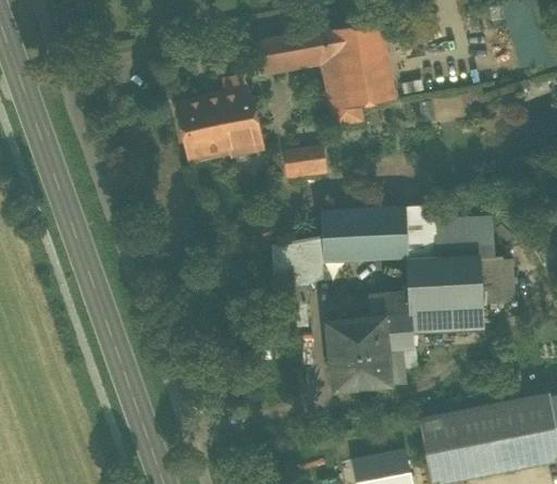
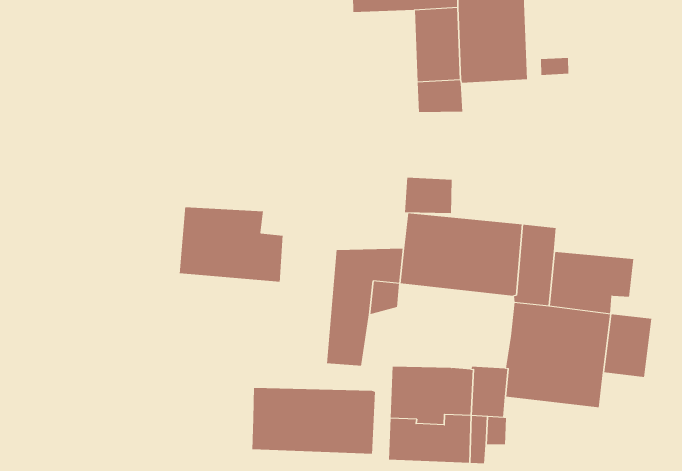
building: [176,71,264,162] -> none
building: [284,144,321,173] -> [404,177,452,214]
building: none -> [179,207,283,282]
building: [371,287,410,317] -> none
building: none -> [252,387,376,454]

